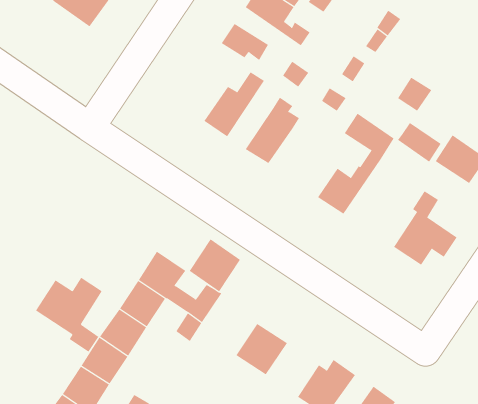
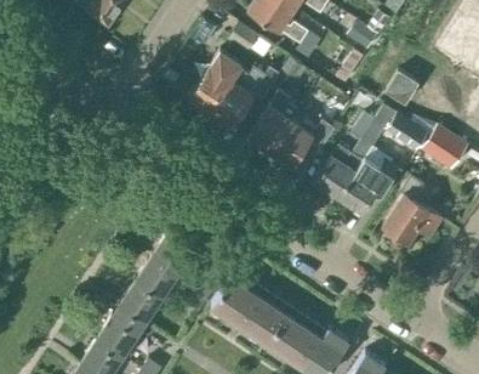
building: none -> [190,50,244,112]
building: none -> [272,119,318,165]
building: none -> [340,147,400,214]
building: [189,239,241,292] -> [213,276,261,324]
building: [35,277,103,352] -> none
building: none -> [269,313,317,362]

